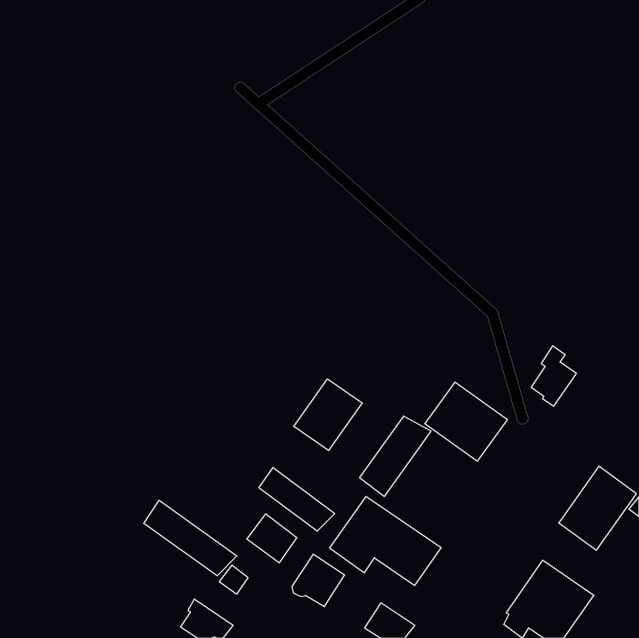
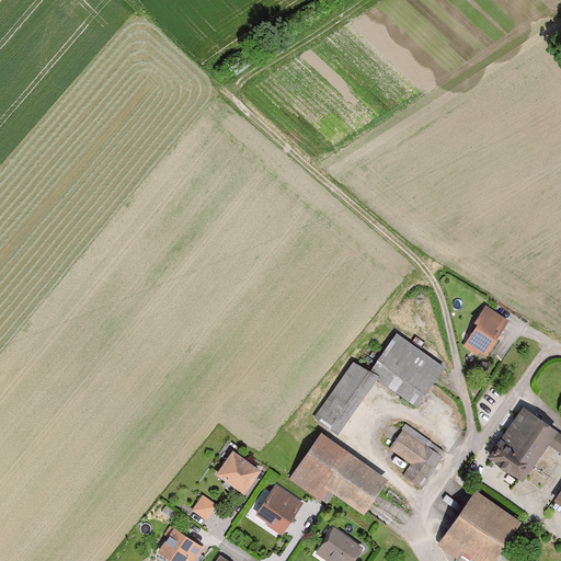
building: [294,379,362,451] -> none
building: [259,467,335,531] -> none
building: none -> [390,432,442,485]
building: [144,500,237,576] -> none

